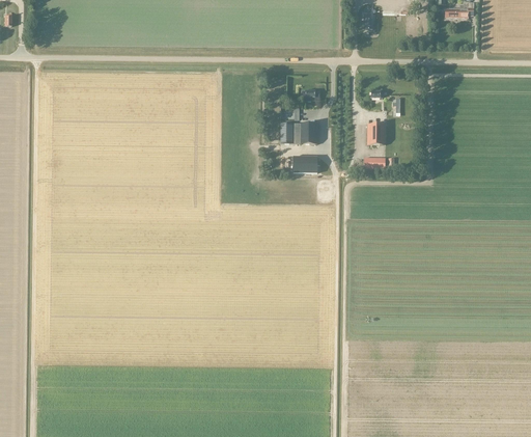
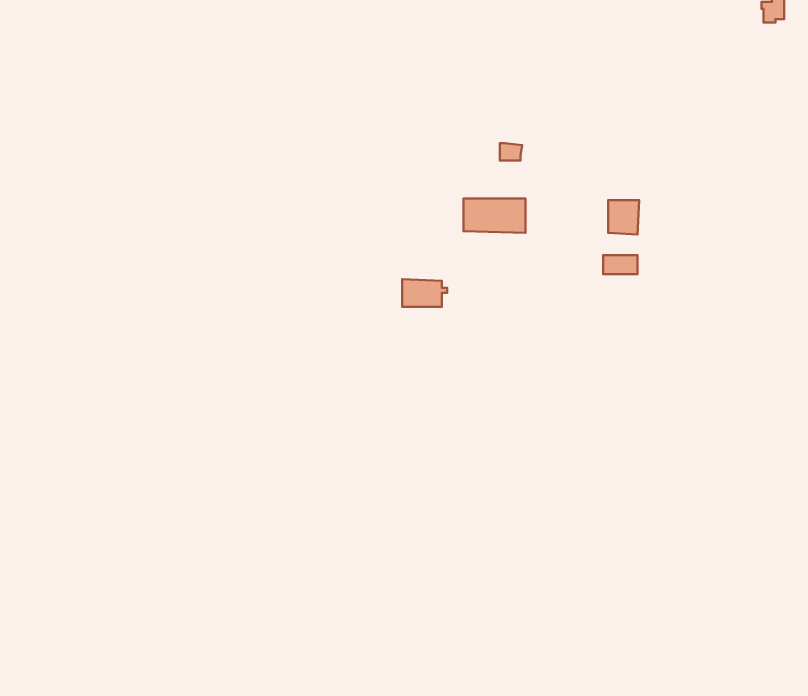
building: [294,156,320,172] -> [402,279,447,307]

